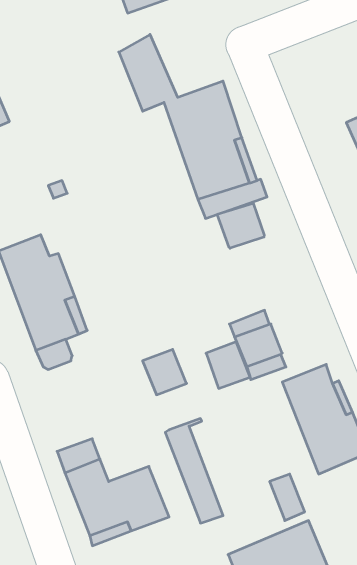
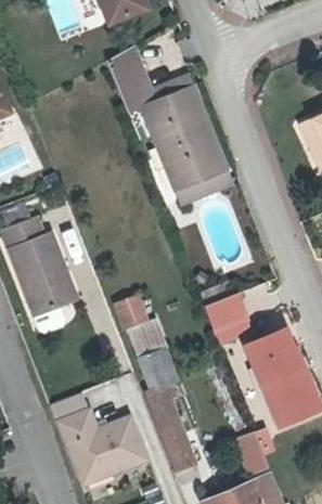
building: [217,203,264,248] -> none
building: [206,342,250,388] -> [138,345,176,385]

